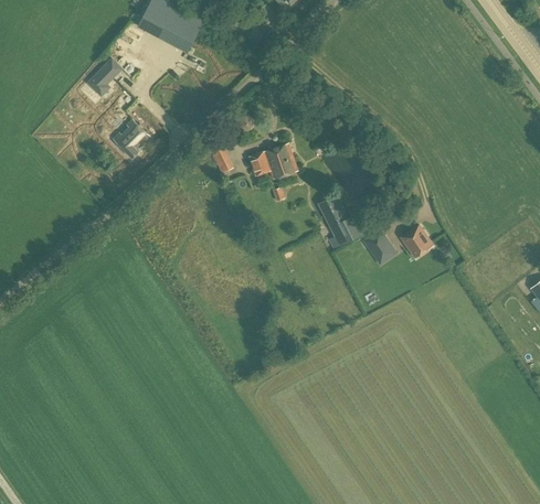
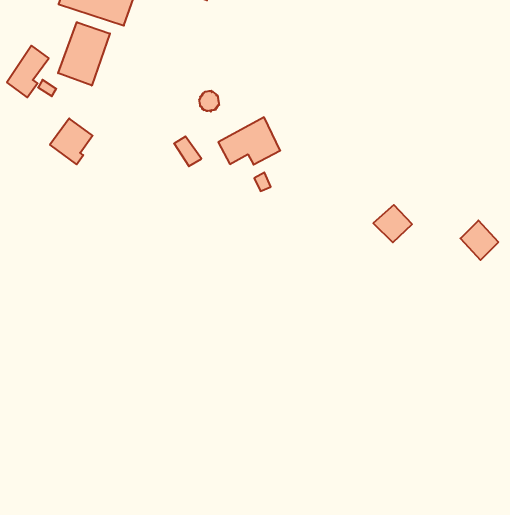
building: none -> [58,22,110,86]
building: [318,194,368,249] -> none
building: [402,226,432,258] -> [460,220,498,260]

